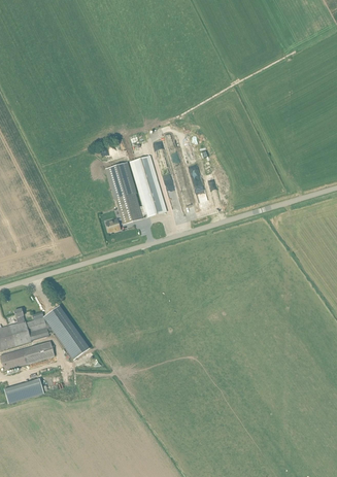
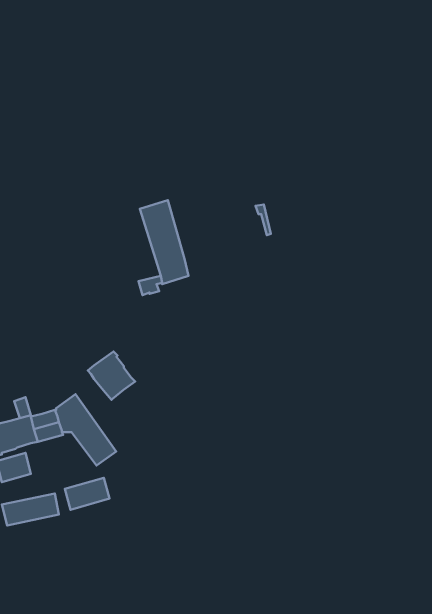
building: [130,155,167,217] -> none
building: none -> [88,352,135,400]
building: [22,340,55,364] -> [65,478,109,510]

